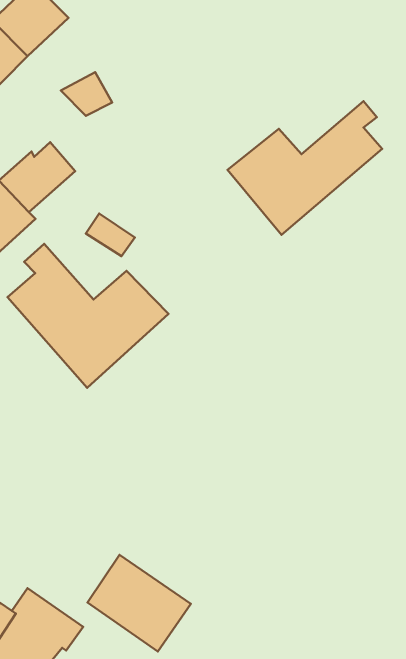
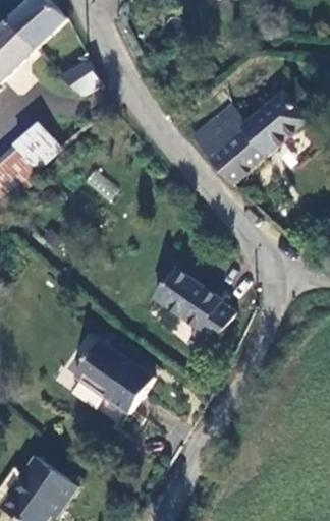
building: [8,244,169,388] -> none
building: none -> [155,267,235,351]
building: [88,555,191,651] -> [75,340,155,414]

